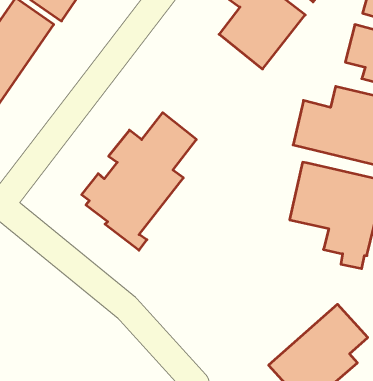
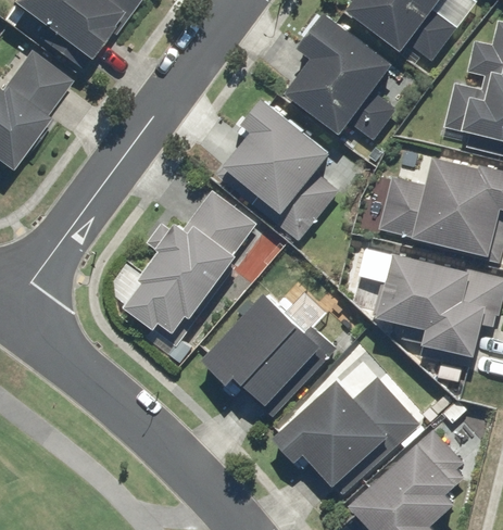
building: none -> [213,101,340,240]
building: none -> [200,293,317,419]
building: none -> [273,378,424,488]

